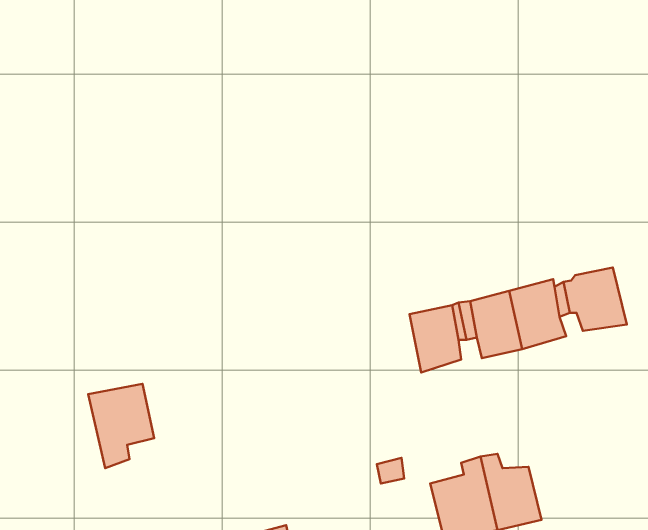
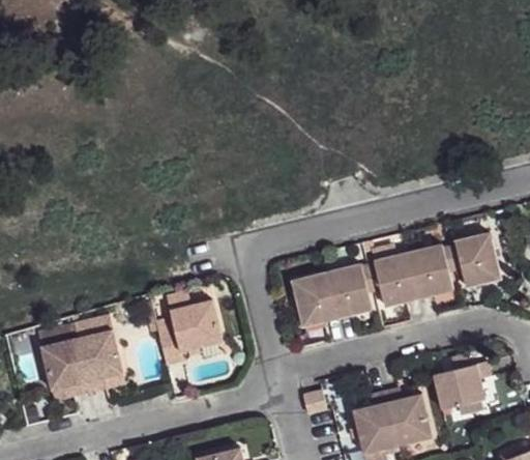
building: none -> [293,272,340,328]
building: none -> [152,300,215,366]
building: none -> [35,337,87,398]
building: none -> [435,358,492,407]

